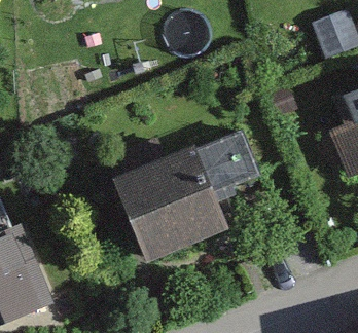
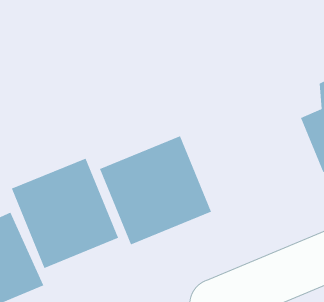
building: none -> [11,158,119,269]

